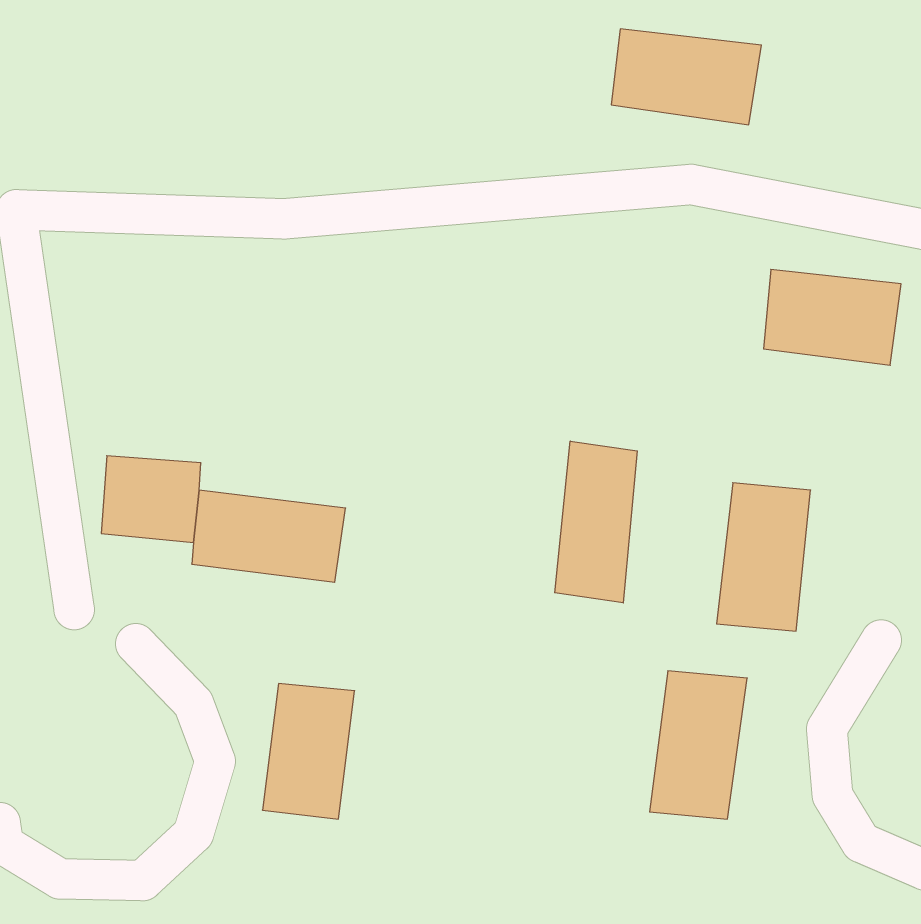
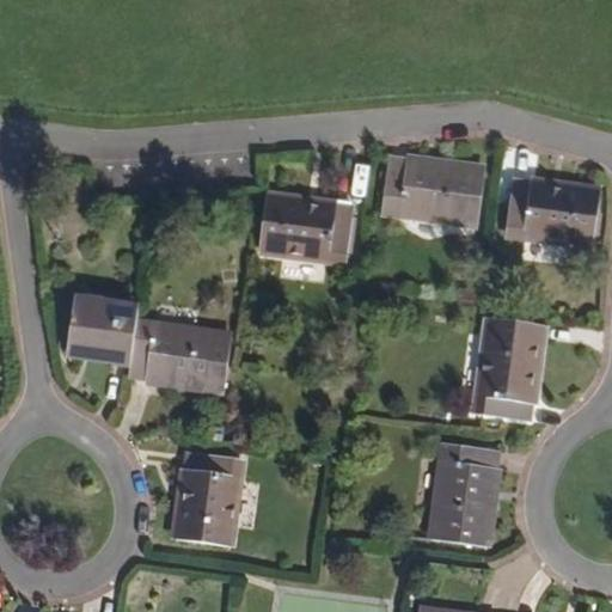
building: [611,29,761,125] -> [384,157,483,220]
building: none -> [262,197,351,257]
building: [555,441,637,603] -> none

